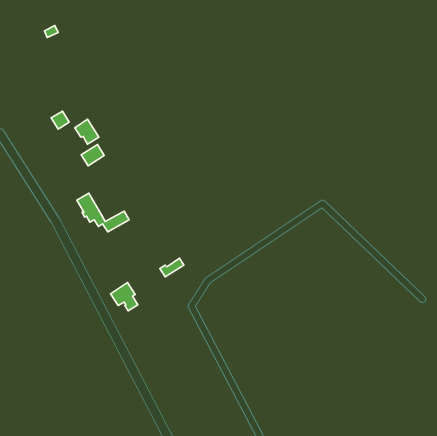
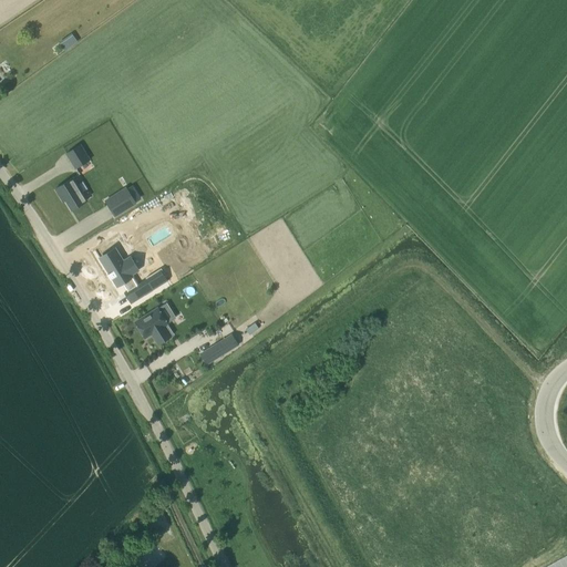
building: [75,119,99,144] -> [55,177,86,209]
building: [110,283,138,311] -> [135,307,171,343]

